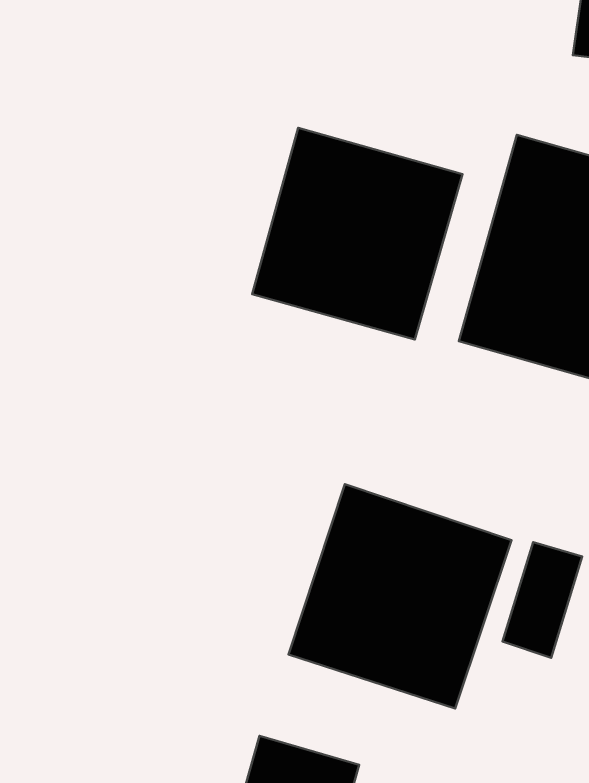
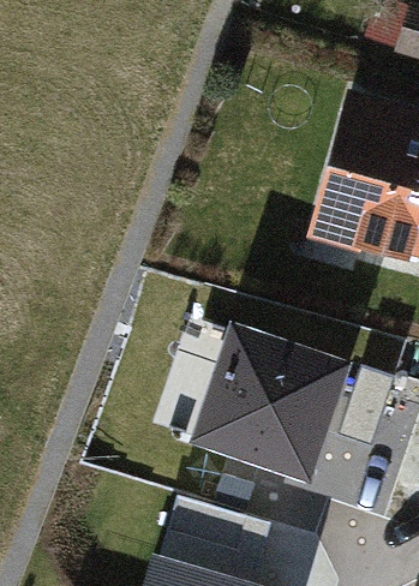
building: [252,128,462,340] -> none

